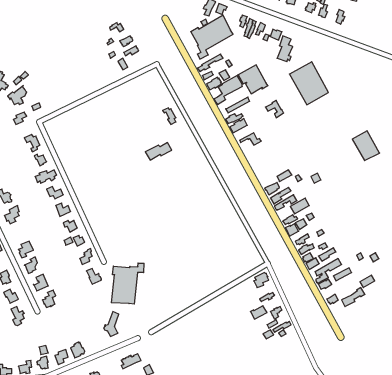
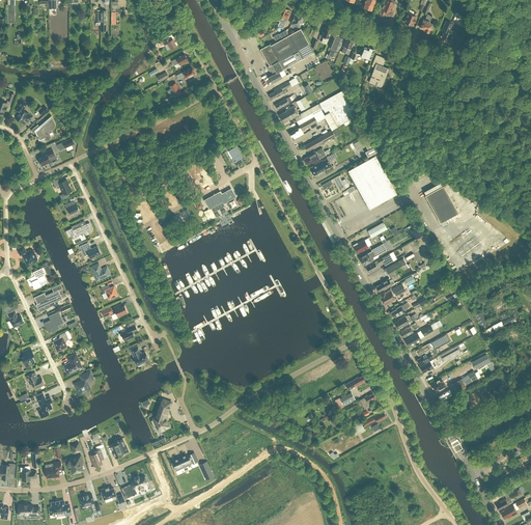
building: [289,62,328,105] -> [347,155,396,209]
building: [352,131,380,161] -> [424,185,458,222]
building: none -> [34,283,62,311]
building: [111,263,144,304] -> none

